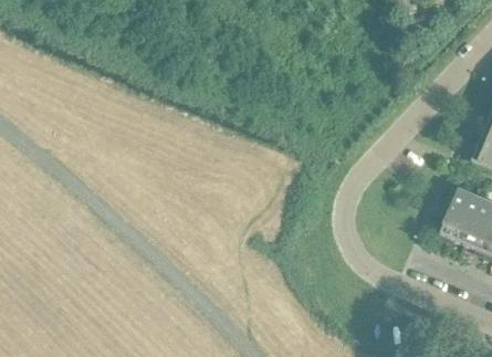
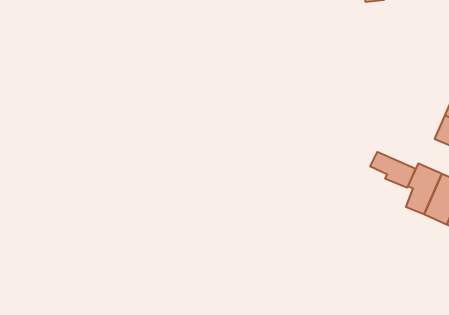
building: none -> [370,152,415,188]

